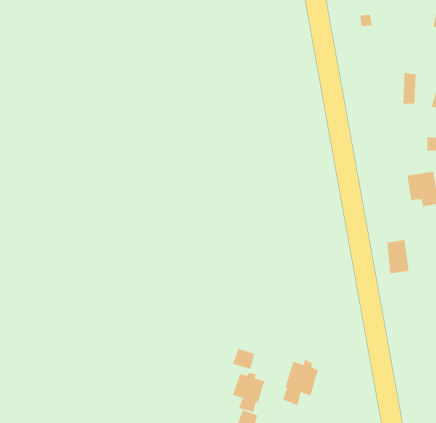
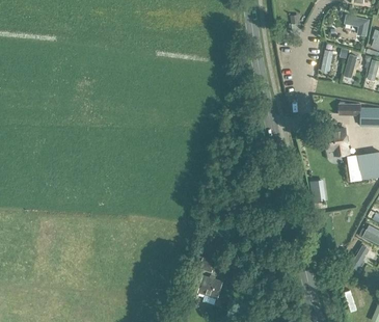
building: [283,359,319,406] -> none

